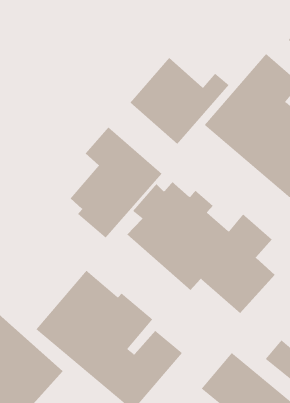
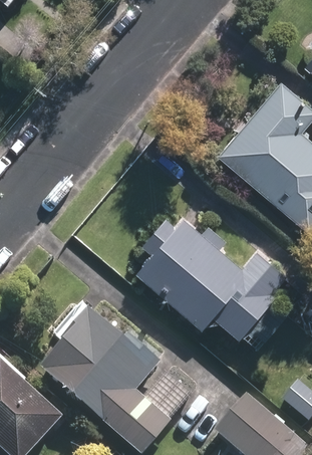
building: [130,57,229,145] -> none
building: [70,127,163,239] -> none

